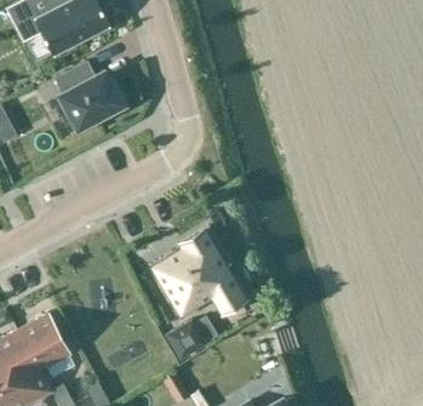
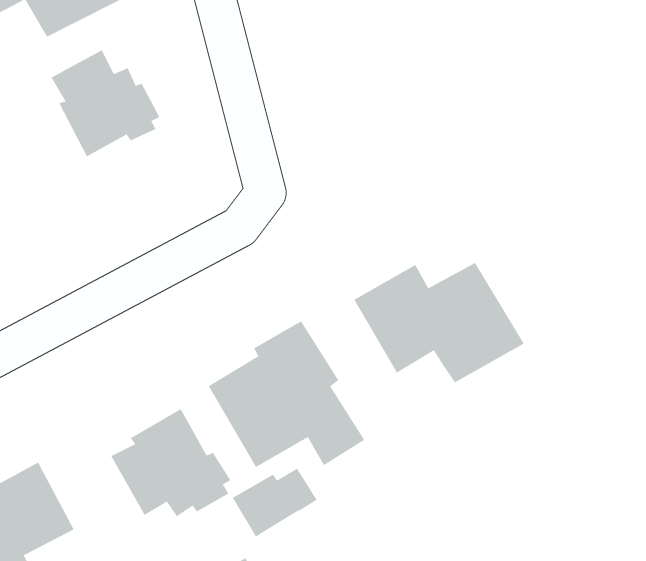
building: none -> [354,262,525,383]
building: none -> [111,408,231,517]

